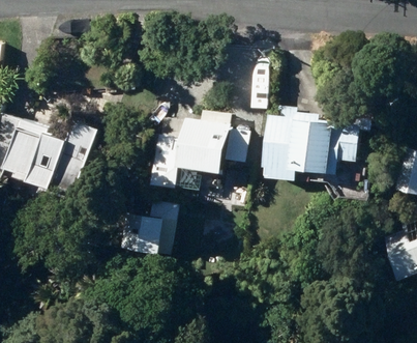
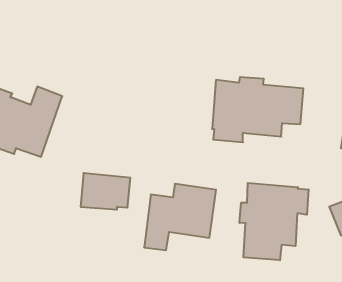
building: [150,115,228,187] -> [144,184,216,250]
building: none -> [240,183,308,260]

